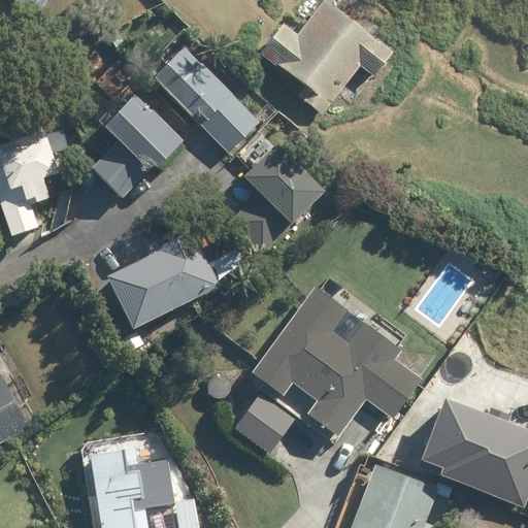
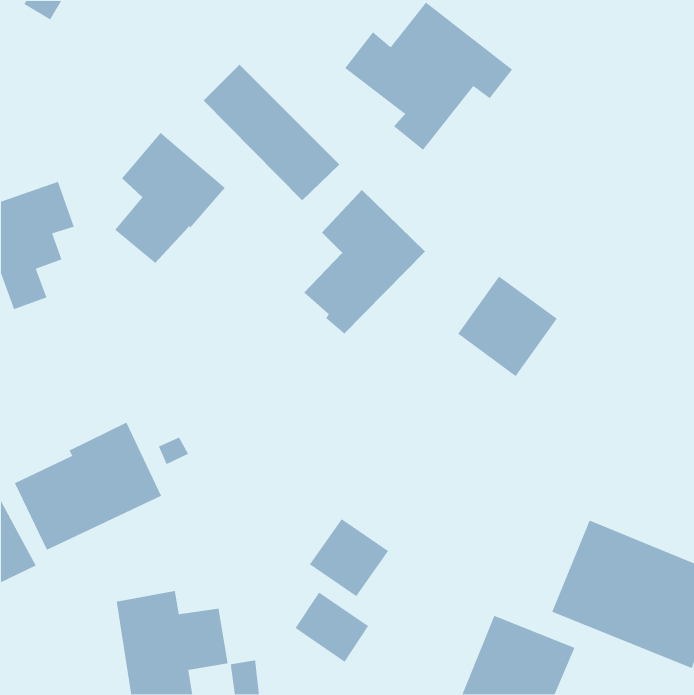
building: none -> [457,275,558,377]
building: [99,234,211,332] -> [14,421,162,551]
building: [253,287,422,436] -> none
building: none -> [295,591,369,663]

